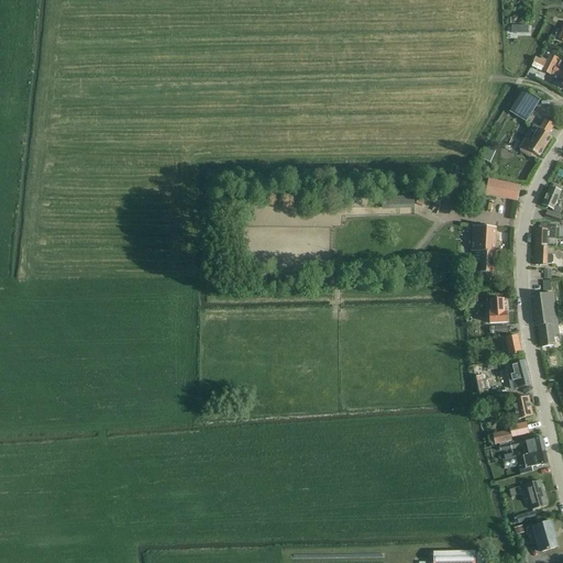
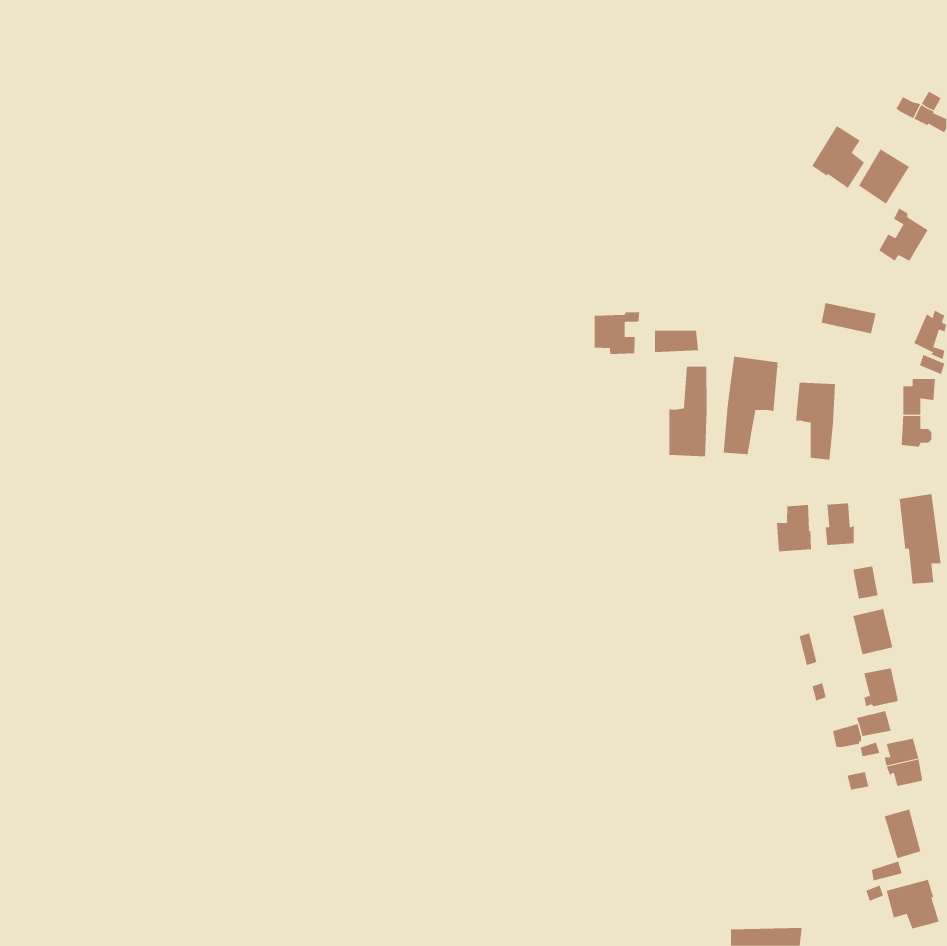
building: none -> [811,125,865,189]
building: none -> [594,311,640,355]
building: none -> [723,356,778,455]
building: none -> [669,366,707,457]
building: none -> [776,504,812,552]

